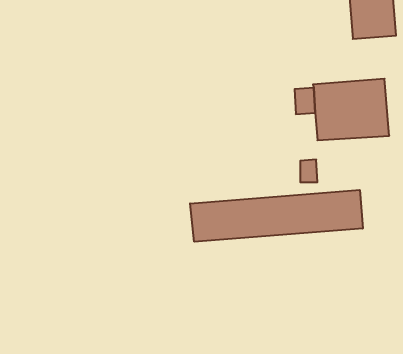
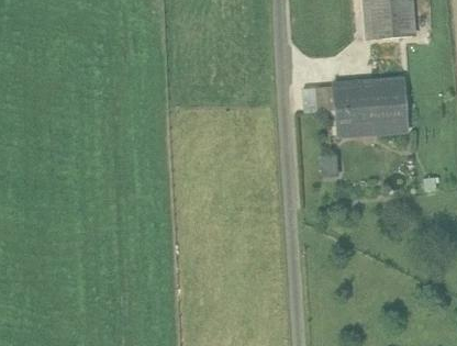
building: [190,190,363,242] -> none

